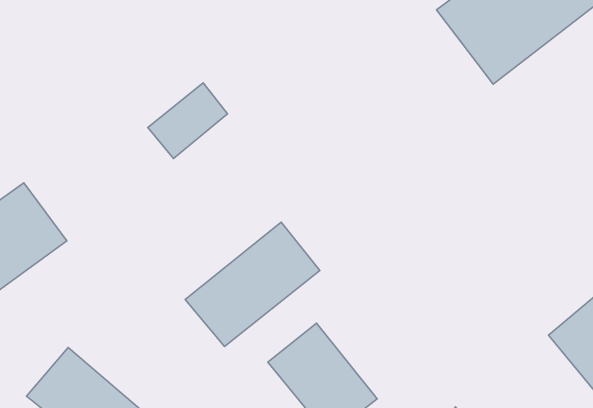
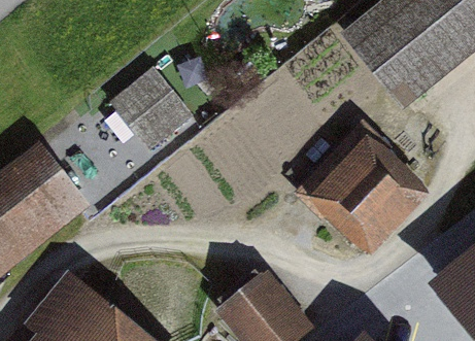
building: none -> [302,128,402,228]
building: [185,222,320,346] -> none

